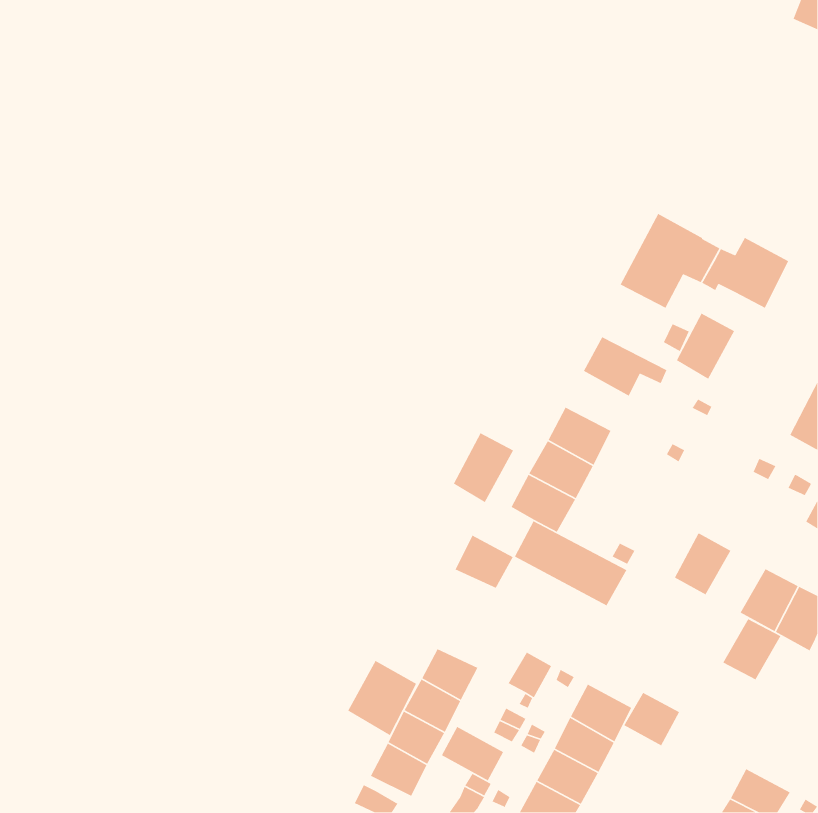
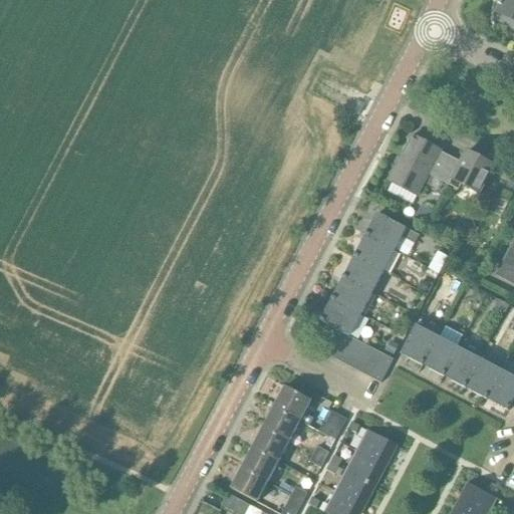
building: [676,312,735,380] -> none
building: none -> [354,233,395,270]
building: [453,432,514,503] -> none
building: none -> [402,322,438,362]
building: [455,535,514,589] -> [274,384,311,419]
building: [722,618,781,681] -> [443,345,480,384]
building: [347,660,417,736] -> none
building: [623,692,680,747] -> none
building: [441,726,504,782] -> none

